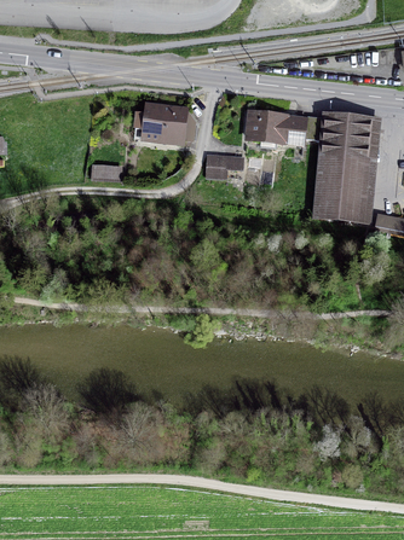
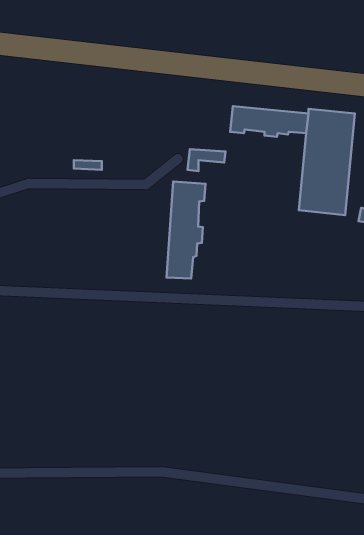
building: [144,106,194,144] -> none
building: none -> [167,182,205,279]

